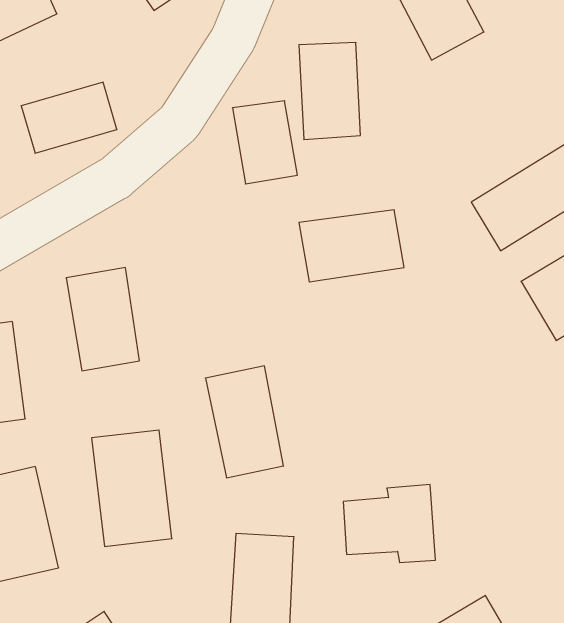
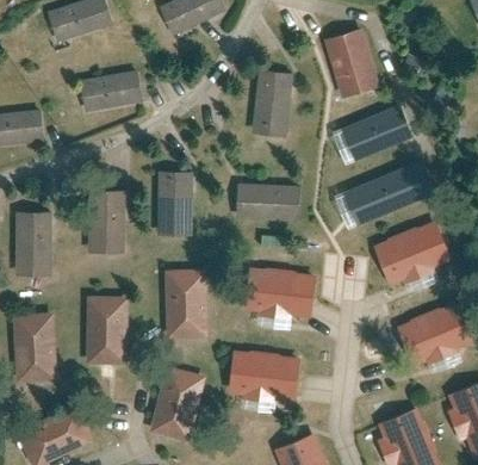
building: none -> [341,106,411,159]
building: [232,101,297,184] -> [159,176,192,225]
building: none -> [242,268,317,322]

